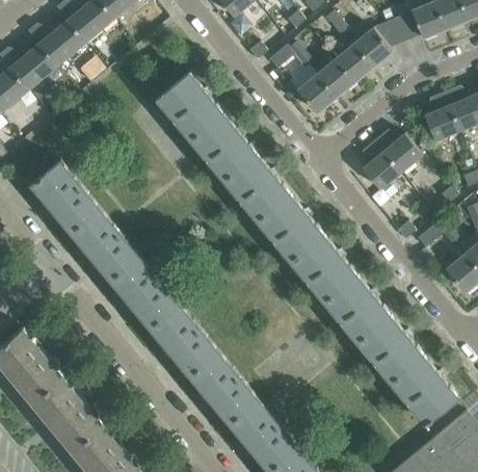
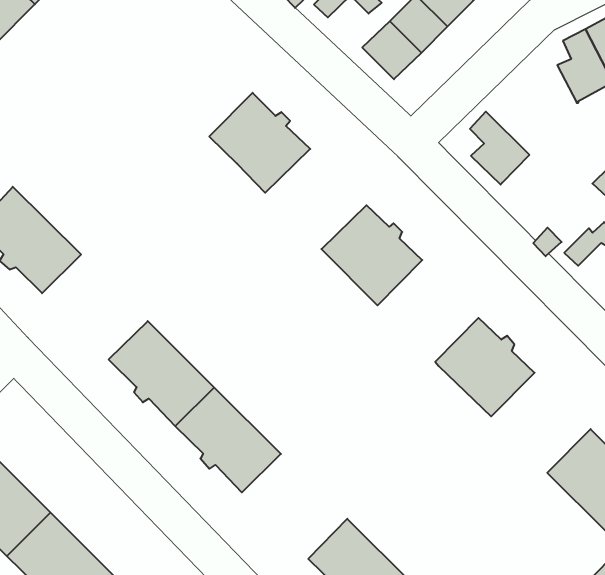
building: [155,73,221,140] -> none
building: [373,131,421,173] -> none
building: [223,155,289,221] -> none
building: [71,210,138,281] -> none
building: [290,235,355,303] -> none
building: [357,316,422,383] -> none
building: [189,353,257,424] -> none

